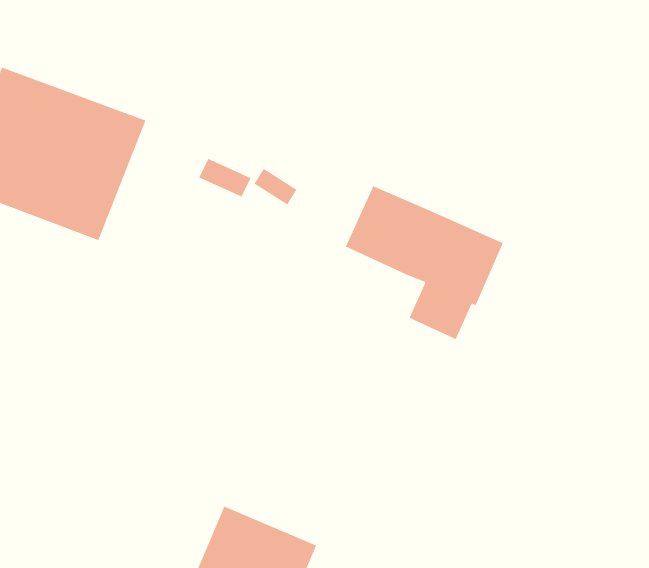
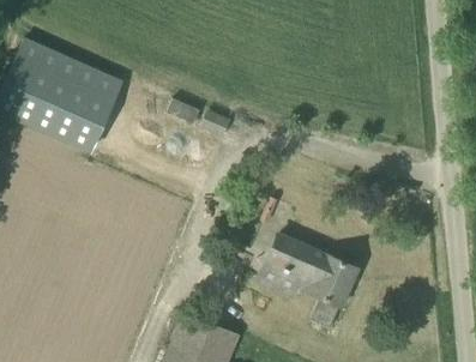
building: [345,185,504,340] -> [261,236,357,330]

